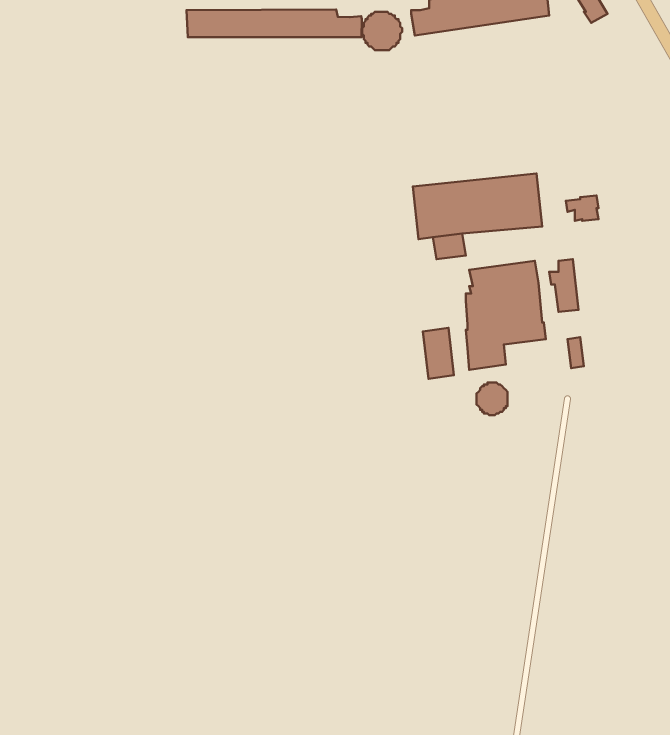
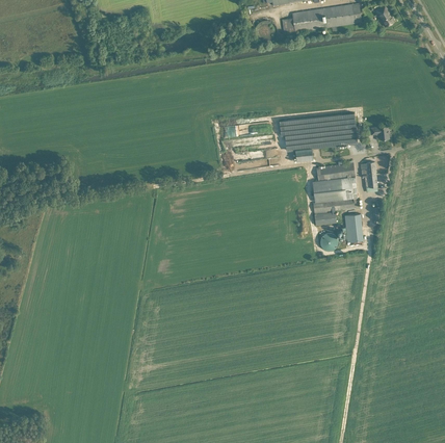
building: [186,9,362,37] -> none
building: [423,328,454,379] -> [344,213,362,242]

